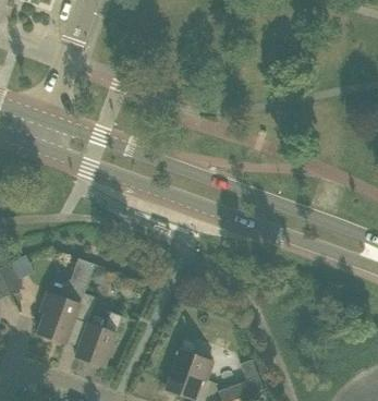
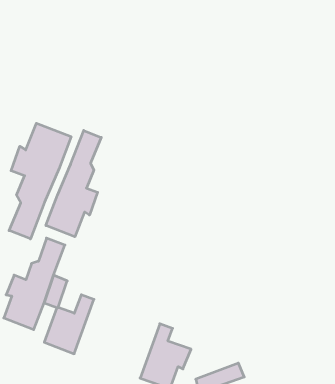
building: none -> [9,123,71,239]
building: none -> [46,130,101,237]

